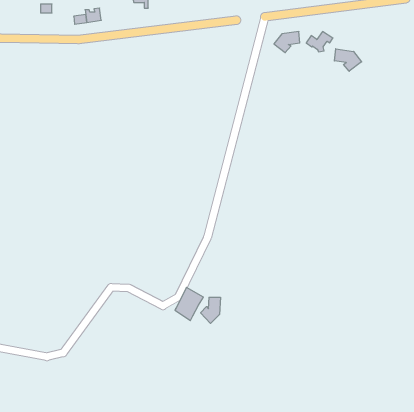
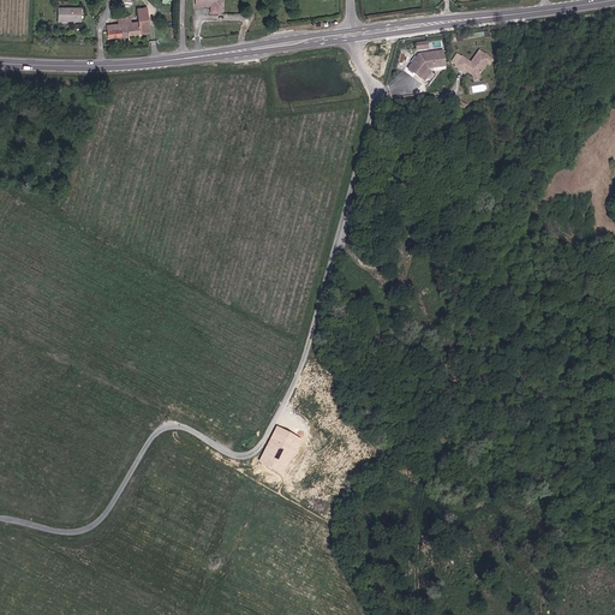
building: [334,49,362,71] -> none
building: [201,297,220,323] -> none

